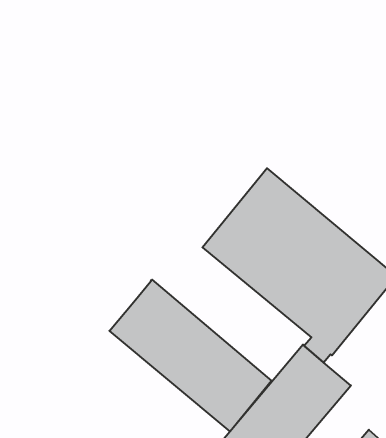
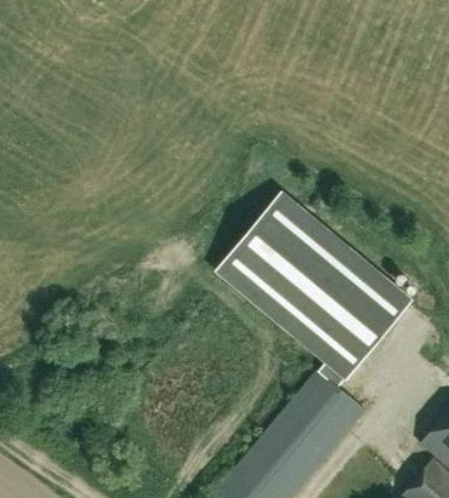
building: [109,280,272,432] -> none

